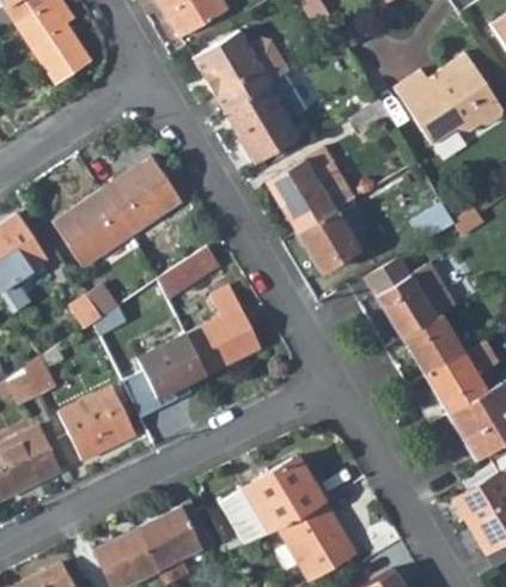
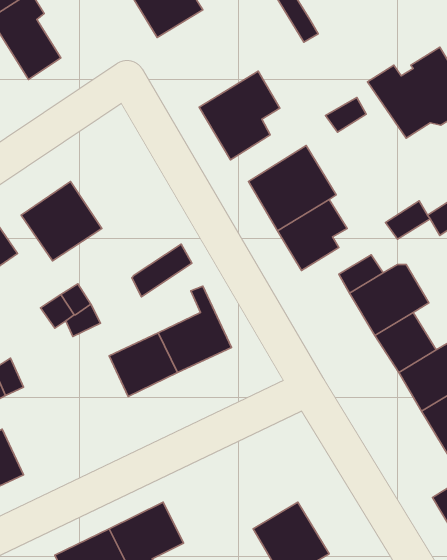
building: [196,32,291,109] -> none
building: [98,151,179,230] -> none
building: [57,387,135,461] -> none
building: [221,459,324,546] -> none

